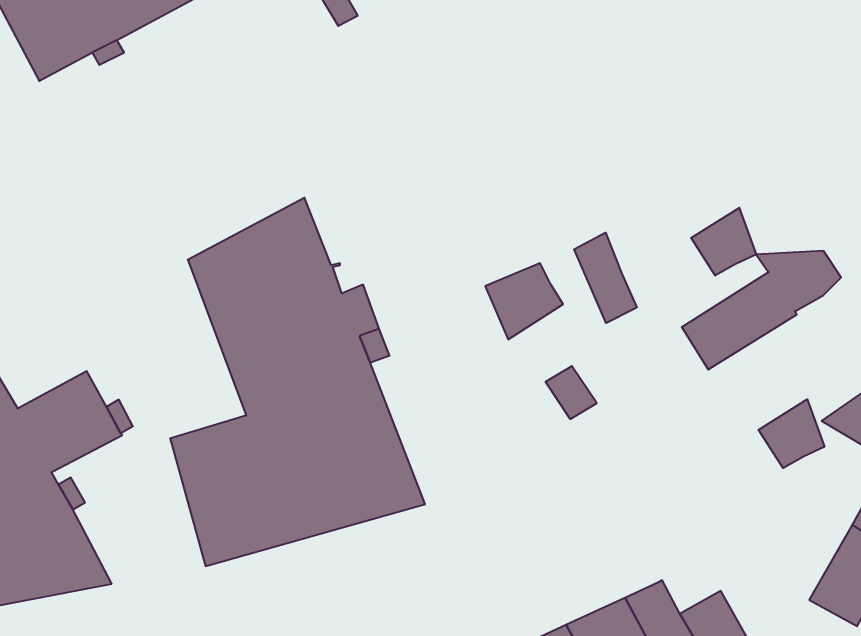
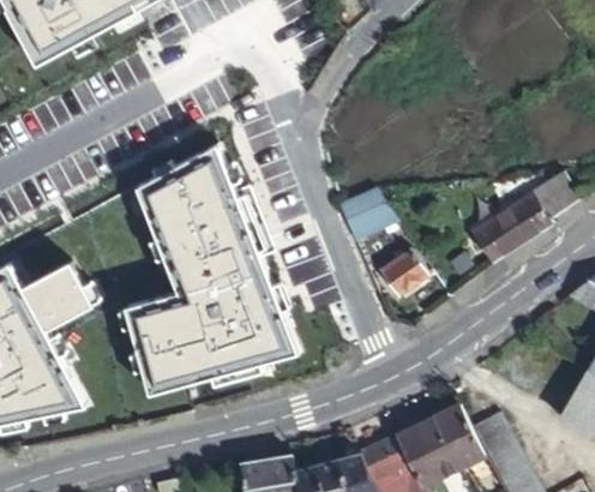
building: [691,208,756,276] -> none
building: [574,233,637,323] -> none
building: [758,399,824,468] -> none

